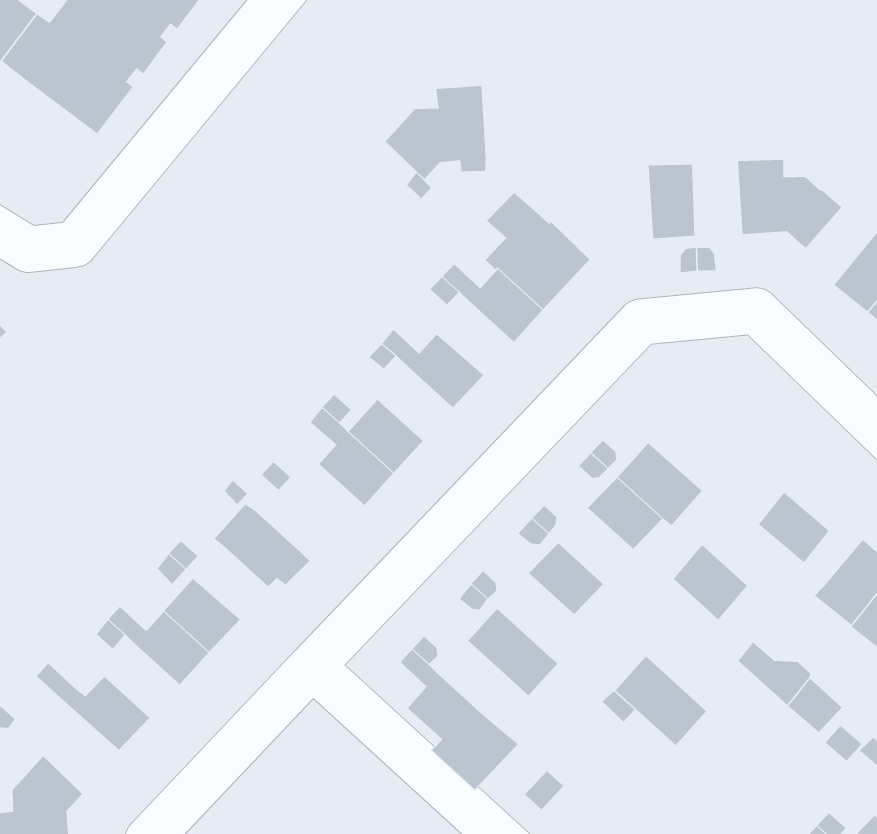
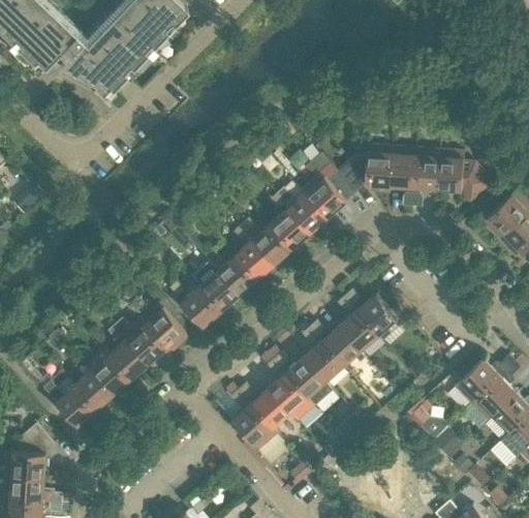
building: [385,86,487,180] -> [337,147,392,194]
building: none -> [412,150,439,190]
building: none -> [270,209,310,249]
building: none -> [235,240,274,280]
building: none -> [181,286,221,328]
building: [758,492,830,563] -> none
building: [673,544,748,620] -> [321,326,361,367]
building: none -> [126,324,169,368]
building: none -> [250,389,289,429]
building: none -> [73,370,113,410]
building: [615,656,707,746] -> [285,357,333,406]

